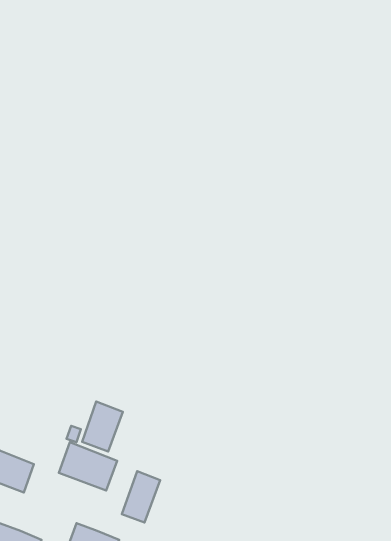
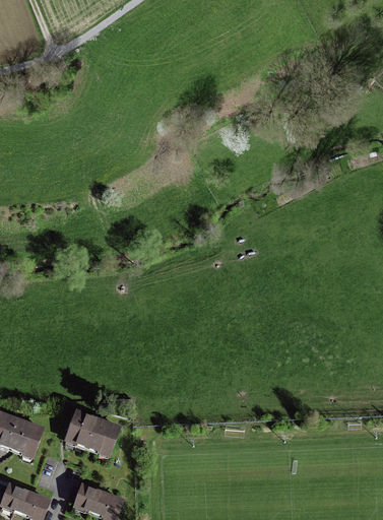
building: [82,401,123,451] -> none
building: [122,471,160,522] -> none

